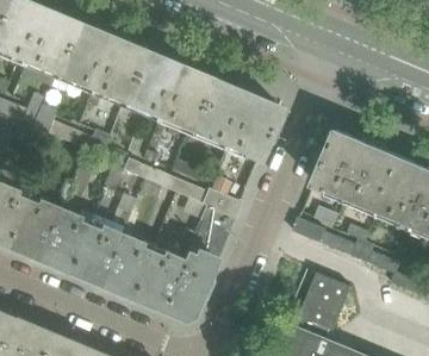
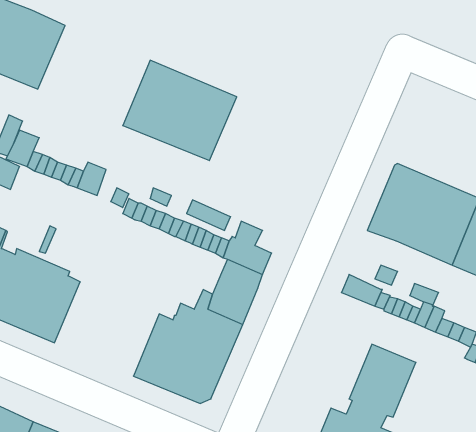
building: [55,23,143,101] -> none
building: [189,79,279,158] -> none
building: [68,196,150,298] -> none

